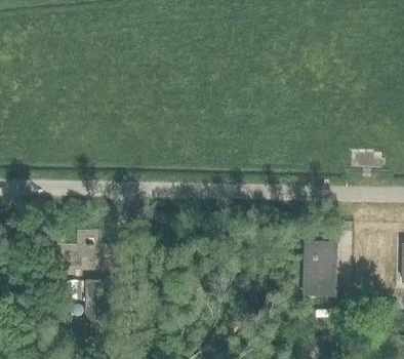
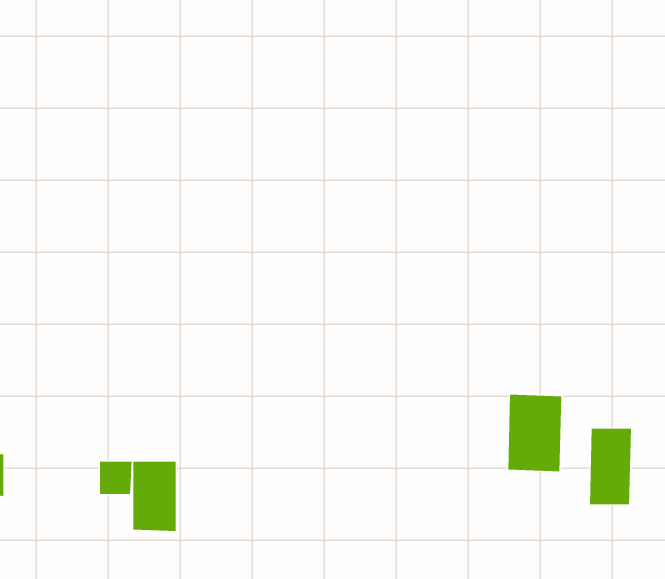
building: none -> [589,428,631,505]

